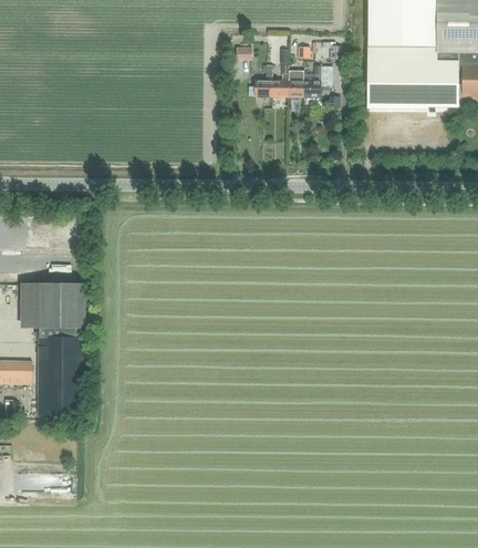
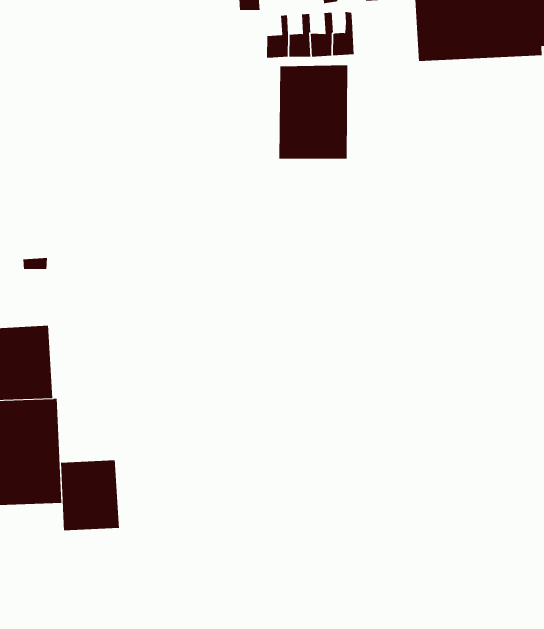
building: none -> [279,65,348,160]
building: none -> [60,460,119,531]

